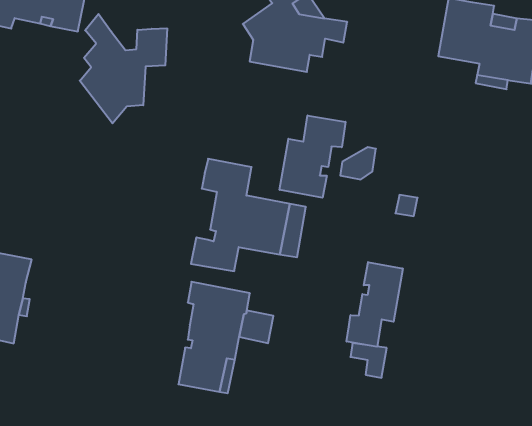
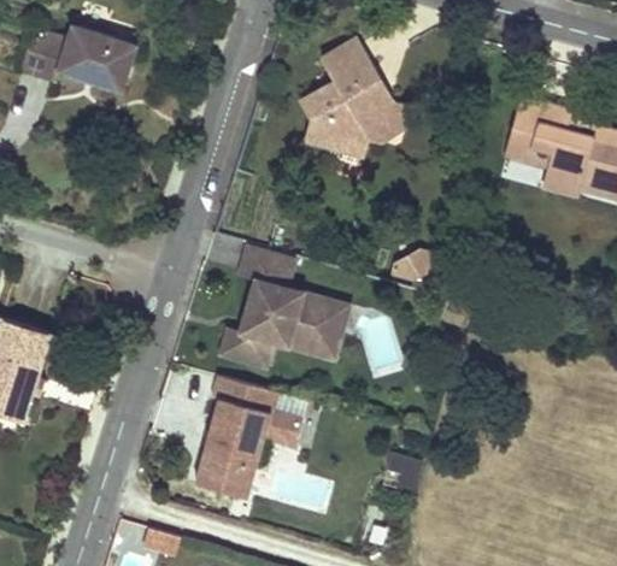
building: [80,14,167,123] -> none
building: [280,115,345,198] -> none
building: [347,262,403,347] -> none

